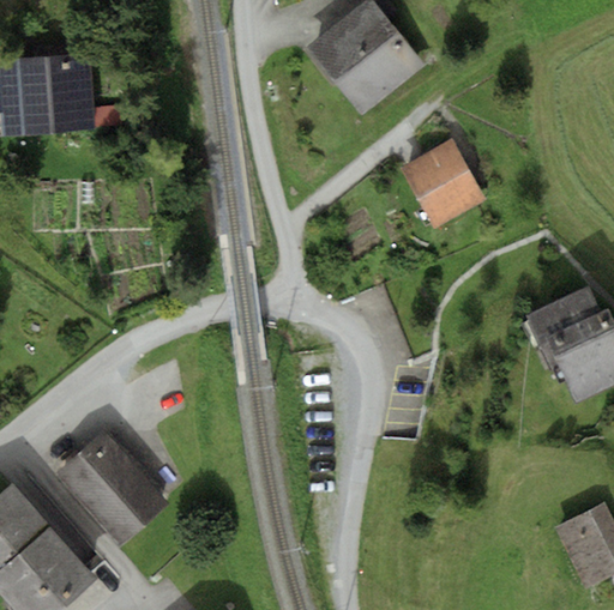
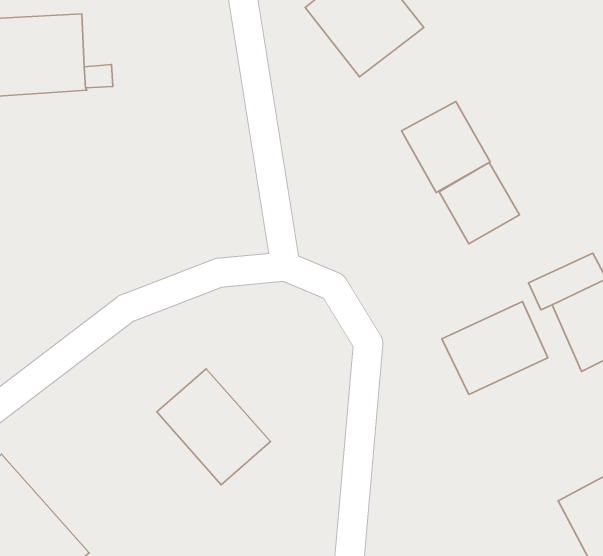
building: none -> [439,162,520,244]
building: none -> [442,302,548,395]
building: [59,431,169,544] -> [157,369,270,485]

